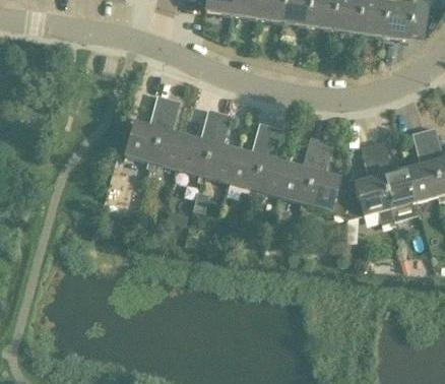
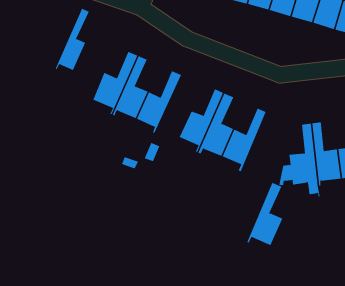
building: none -> [55,8,89,71]
building: [200,111,237,182] -> none
building: [303,138,339,210] -> [247,182,283,246]

